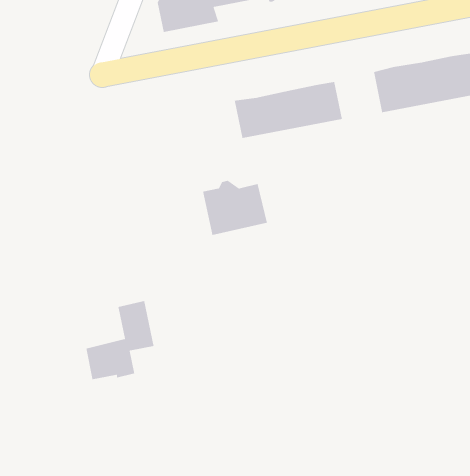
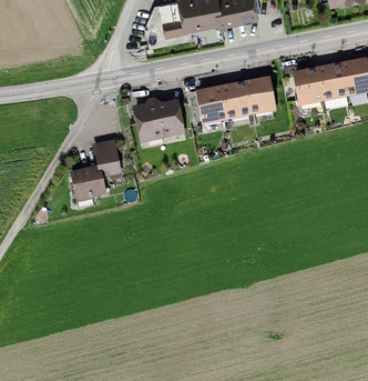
building: [202,180,268,236] -> [136,100,182,139]
building: [86,300,155,380] -> [72,141,120,197]

